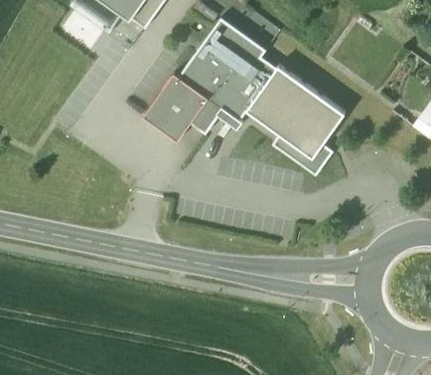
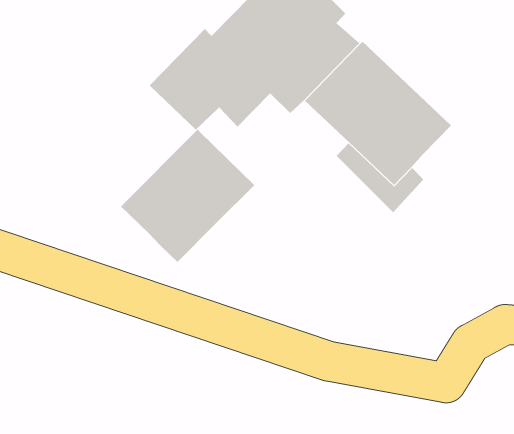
building: none -> [120,129,255,263]

